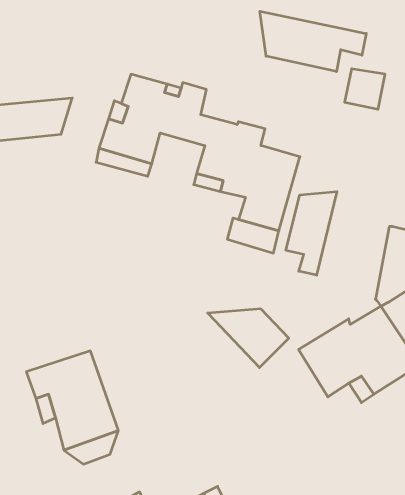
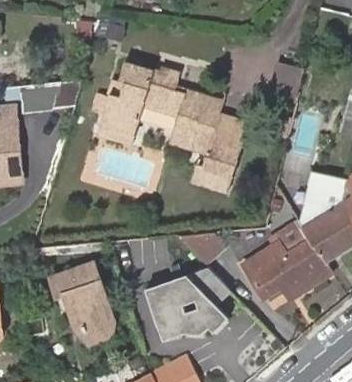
building: [260,11,366,72] -> none
building: [286,192,337,275] -> none
building: none -> [147,275,233,339]

